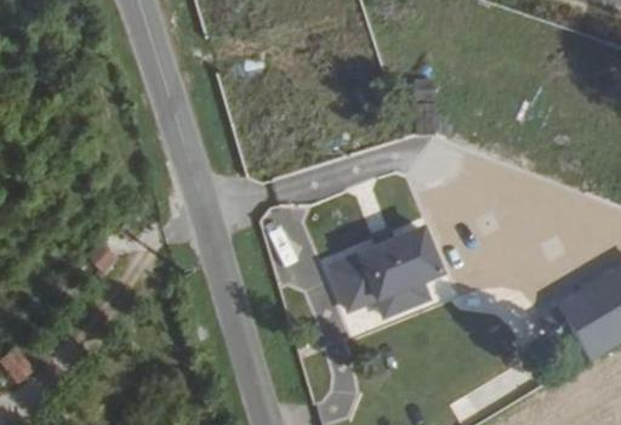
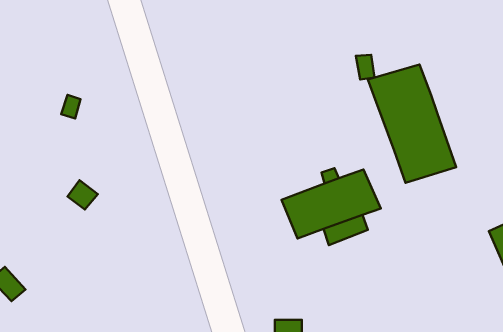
building: none -> [368,65,456,183]

